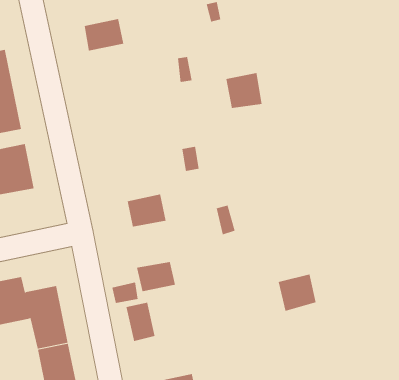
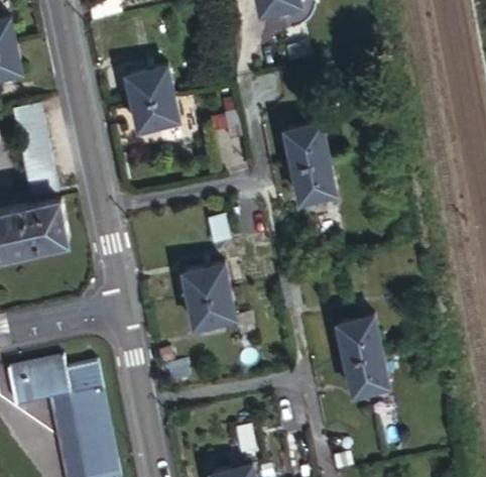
building: none -> [132,94,176,126]
building: none -> [292,161,334,202]
building: none -> [337,317,381,361]
building: [136,261,176,292] -> [181,292,226,327]
building: [126,302,155,342] -> none

